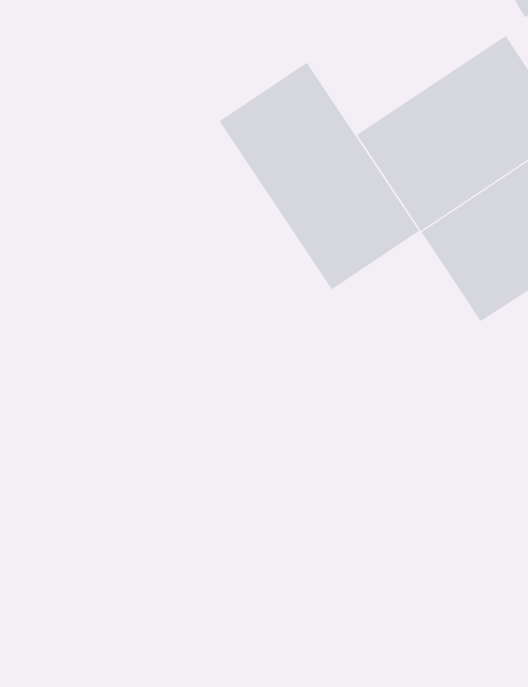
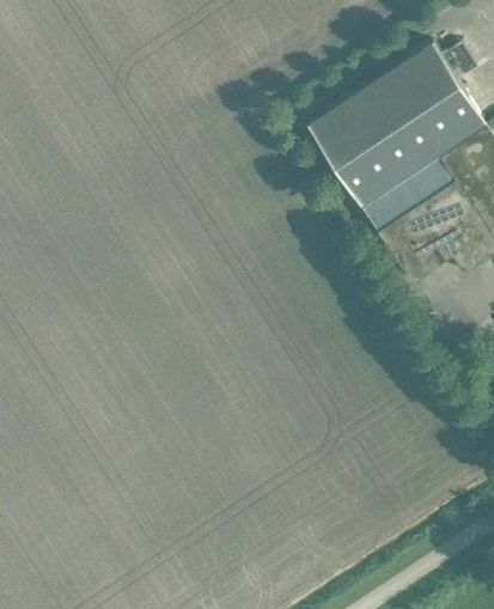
building: [219,62,420,290] -> none

